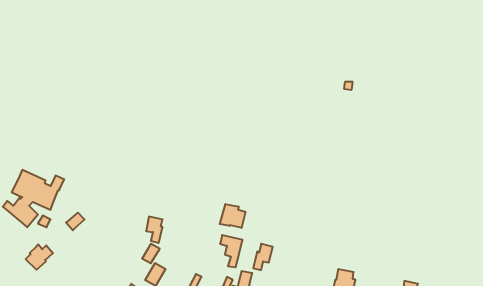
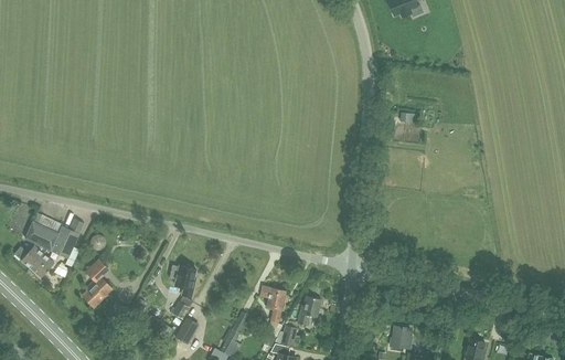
building: [220,204,245,228] -> none
building: [26,244,53,270] -> [82,278,113,307]

